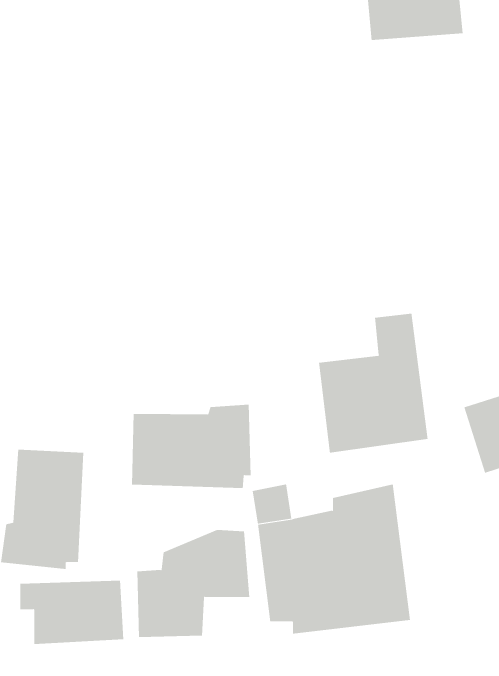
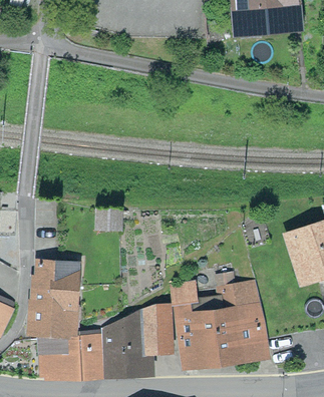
building: [318,313,428,454] -> none
building: [132,404,251,489] -> none

